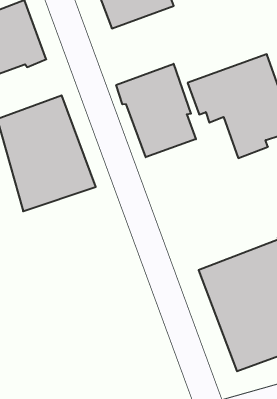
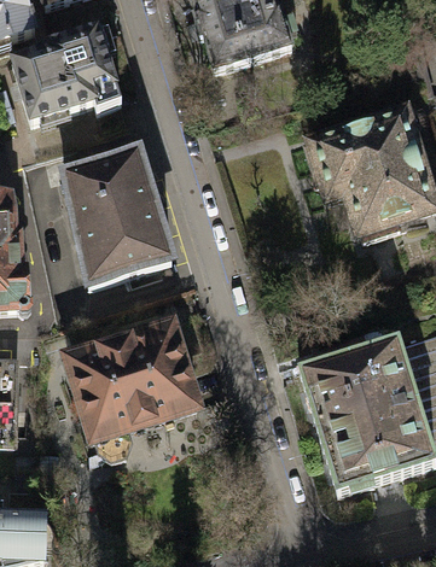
building: [116,64,196,157] -> none
building: none -> [63,316,204,443]

